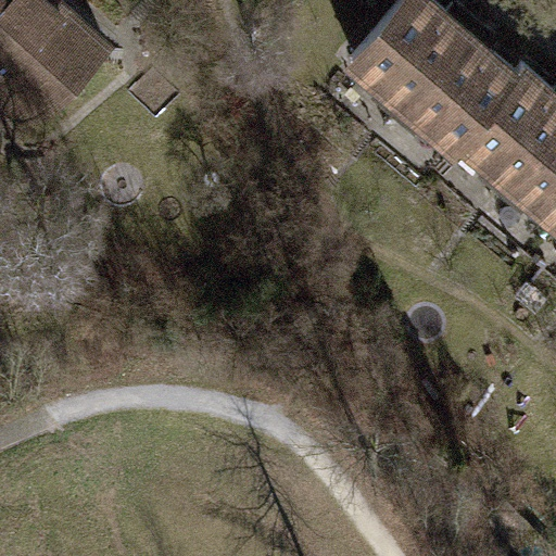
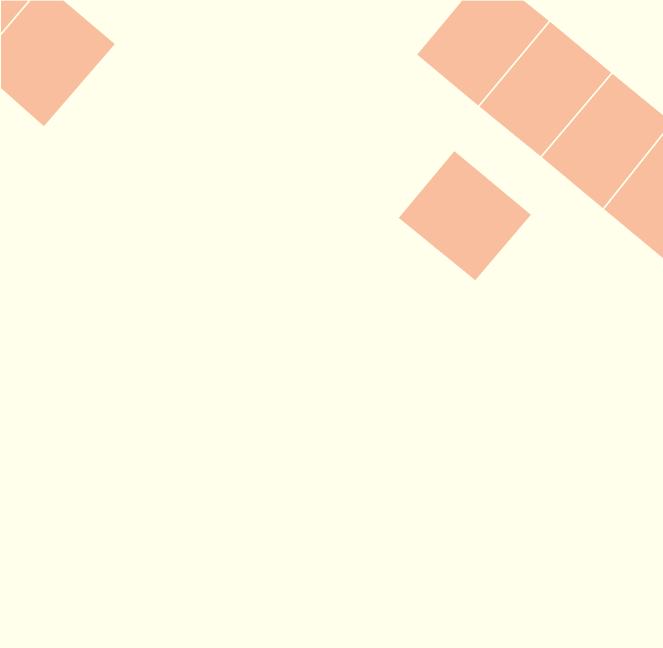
building: none -> [398,150,532,281]

